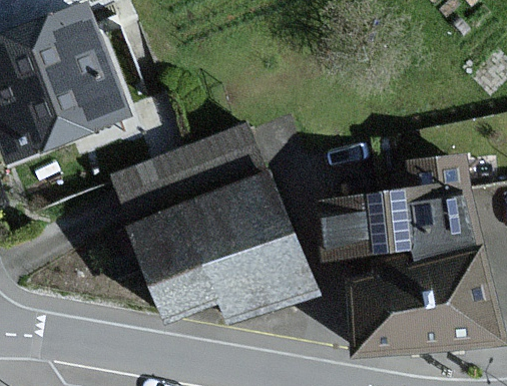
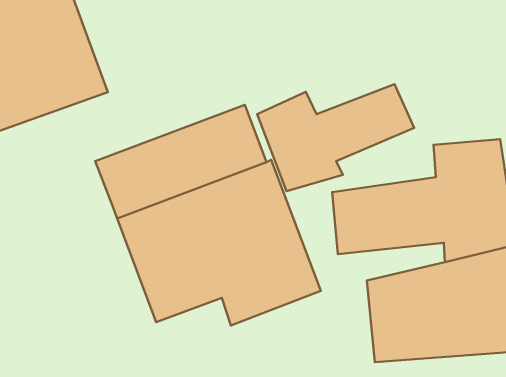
building: none -> [257,84,414,191]

